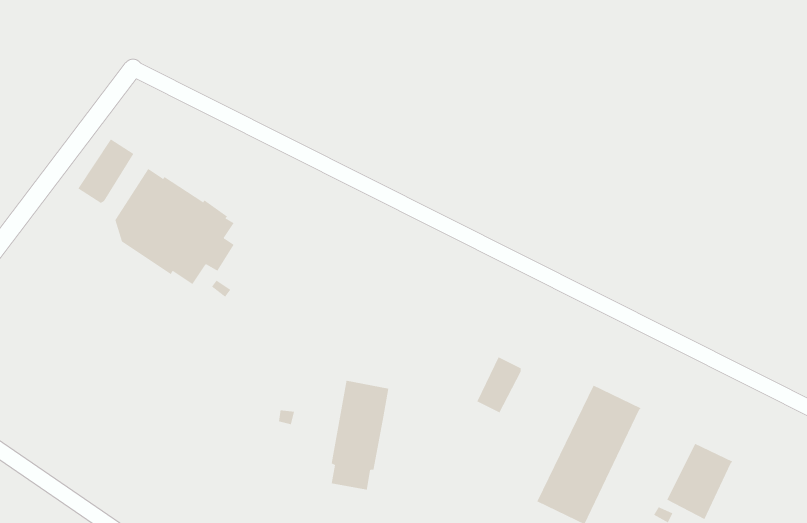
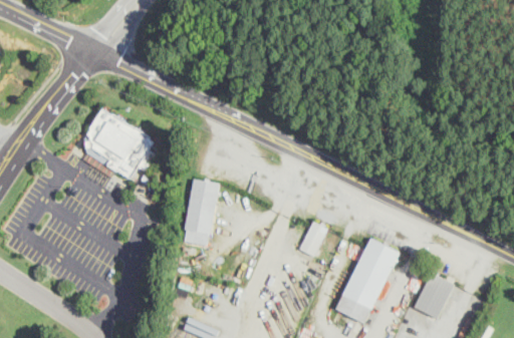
building: [77,139,134,204] -> none
building: [331,380,389,490] -> [184,180,219,246]

